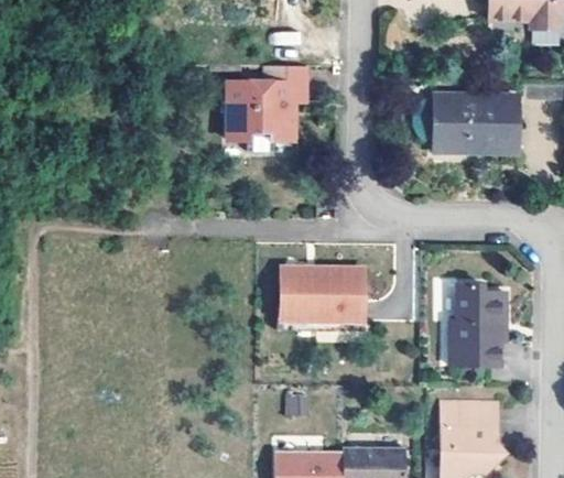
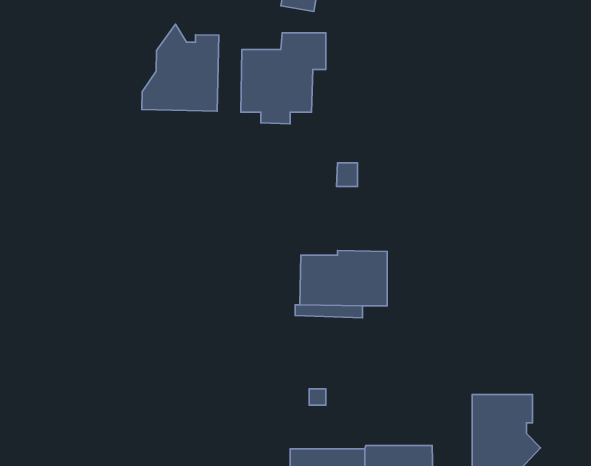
building: none -> [142,24,219,111]
building: [414,94,519,151] -> none
building: [442,282,507,365] -> none

